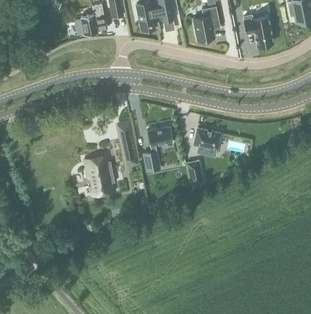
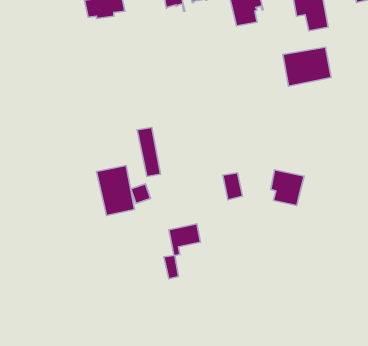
building: none -> [283,47,331,86]
building: [143,126,173,171] -> [164,224,201,279]
building: [194,128,221,157] -> [271,170,304,205]

